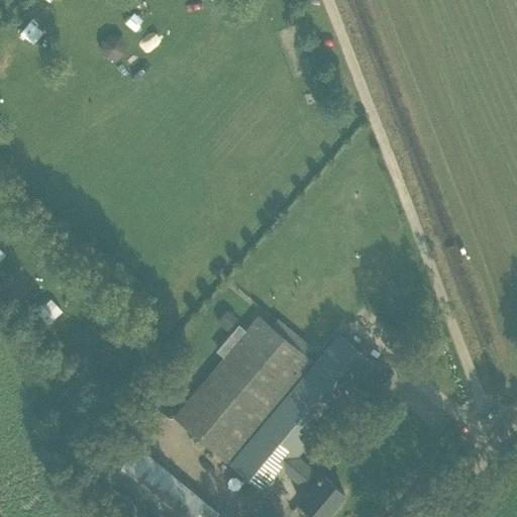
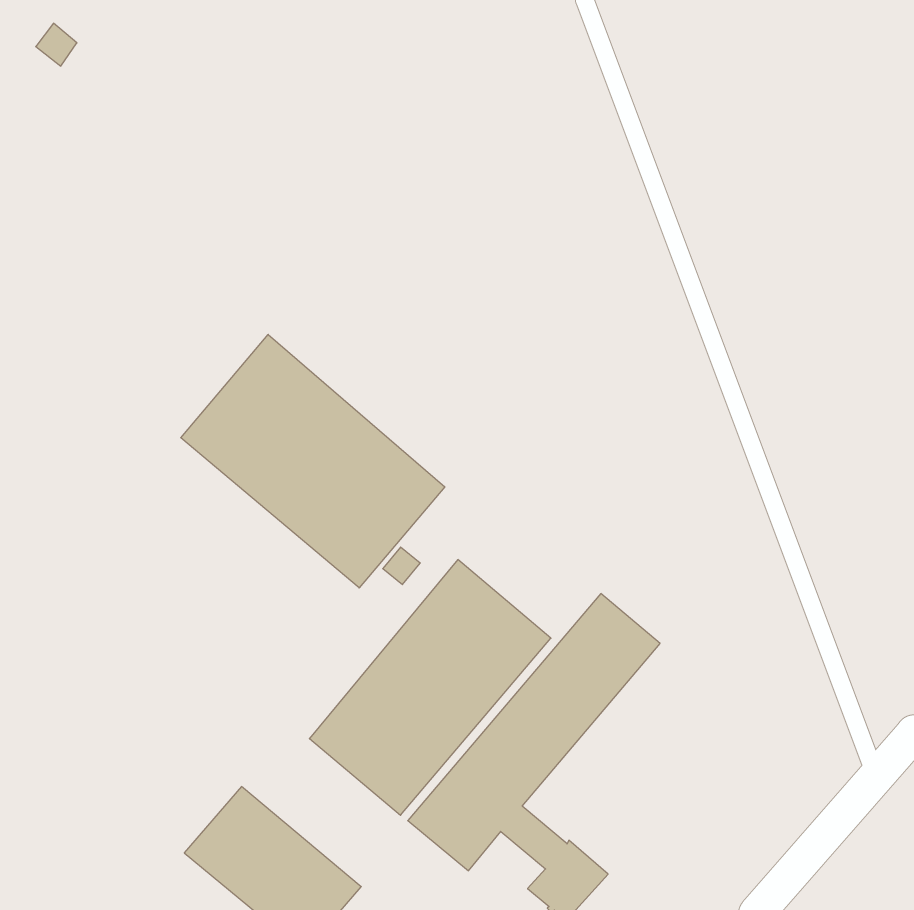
building: none -> [181,334,445,588]

